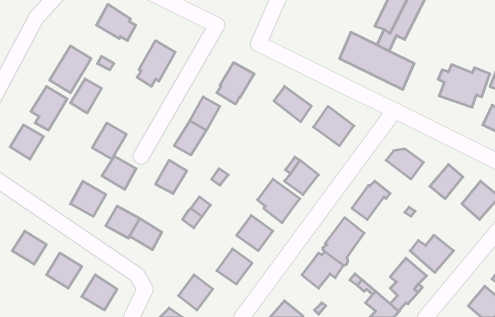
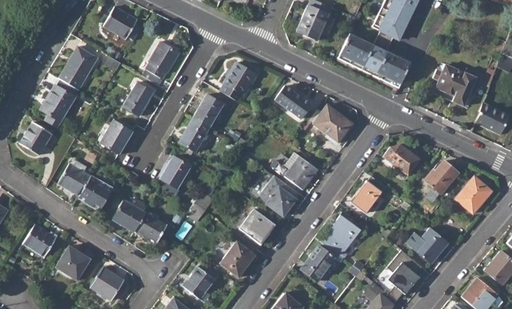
building: none -> [296,6,328,41]
building: [70,79,102,113] -> [123,83,153,116]
building: [102,156,136,189] -> [58,164,91,196]

